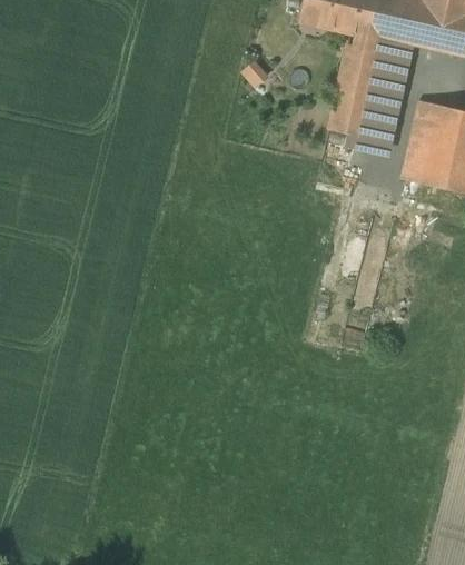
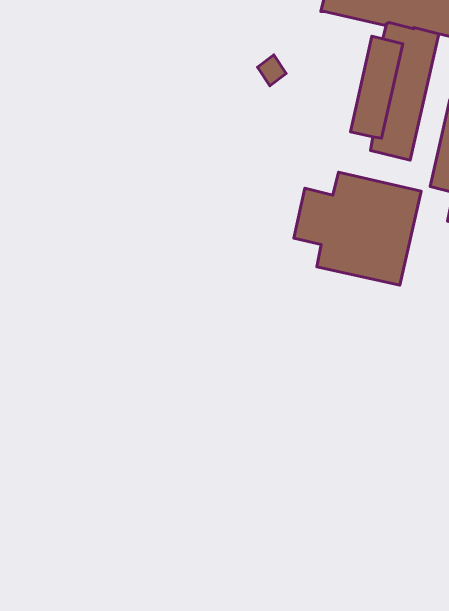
building: none -> [294,172,421,285]

